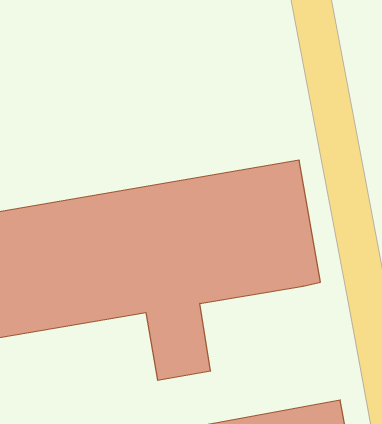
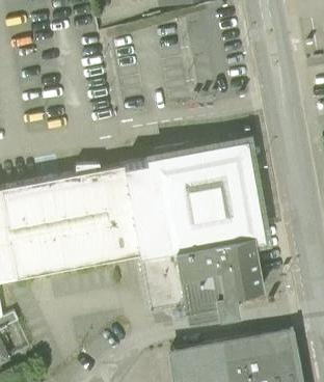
building: none -> [176,238,265,322]

